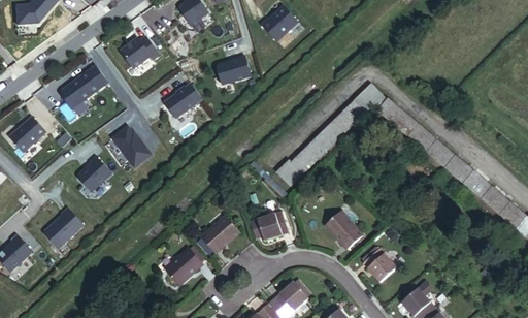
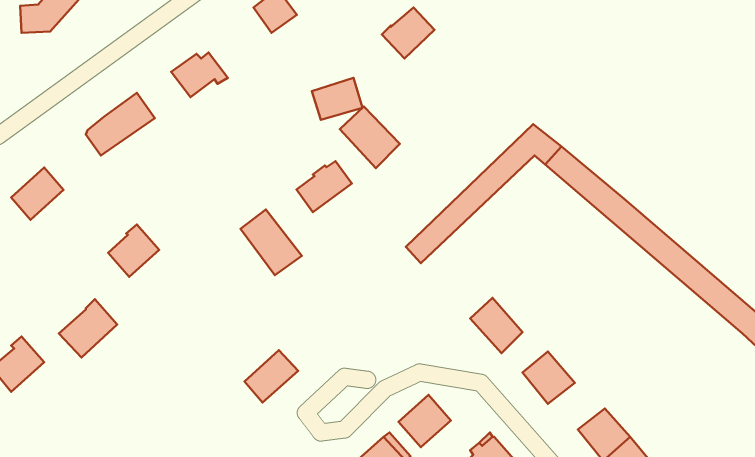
building: none -> [340,106,400,168]
building: [164,83,202,118] -> [297,161,352,212]
building: [111,123,154,168] -> [240,209,302,275]
building: [257,205,288,234] -> none
building: [206,209,242,246] -> none

